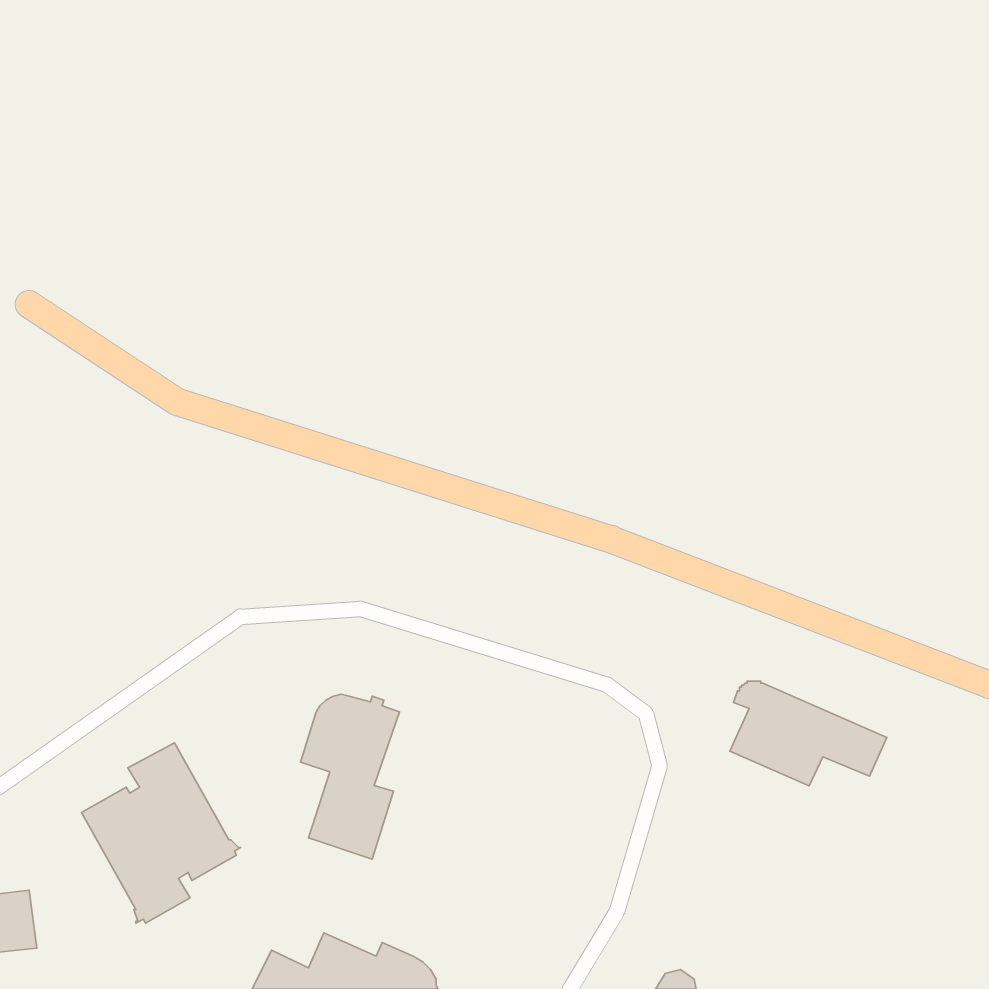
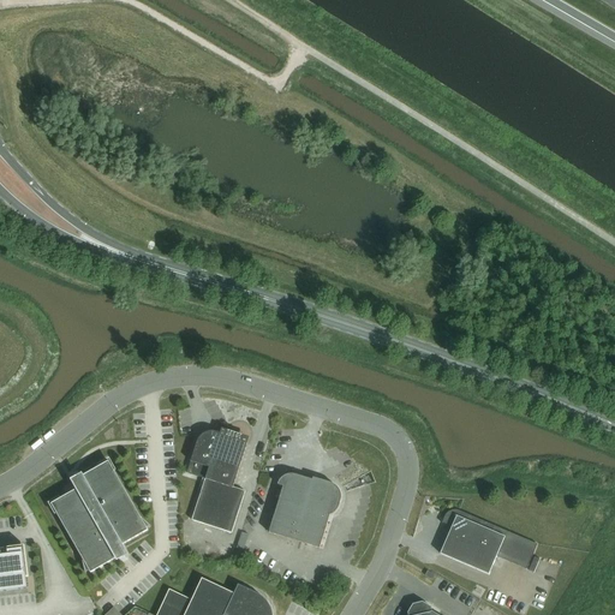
building: [730,681,887,786] -> [438,509,536,574]
building: none -> [268,473,340,548]

